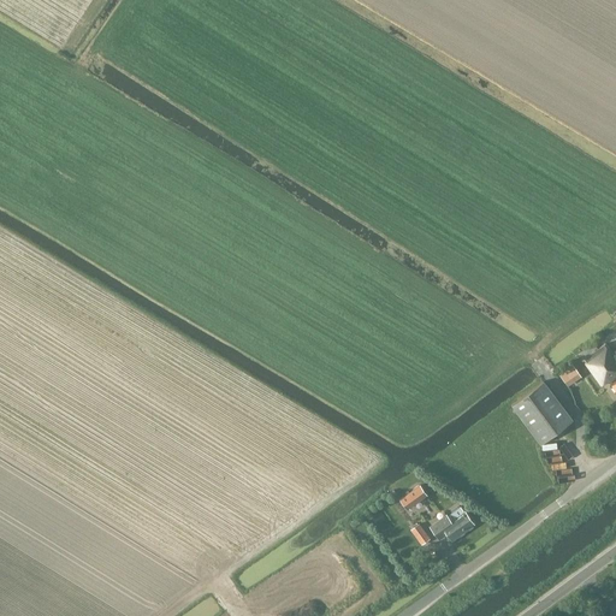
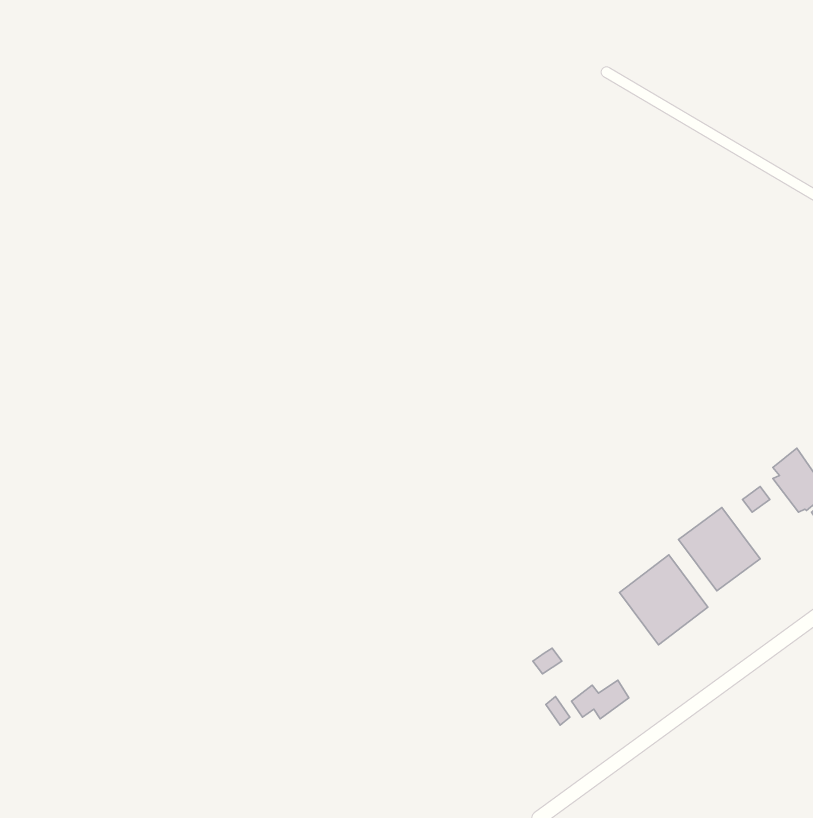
building: none -> [619,555,708,645]

